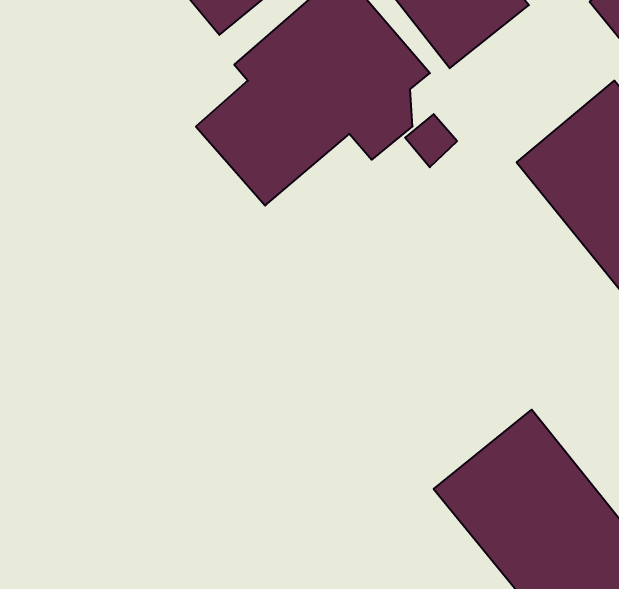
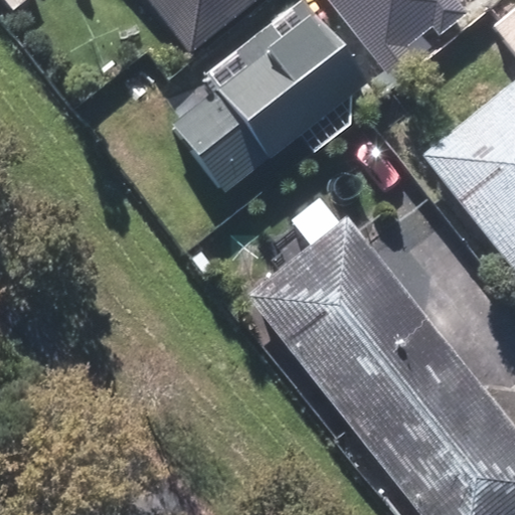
building: none -> [258,226,443,420]

